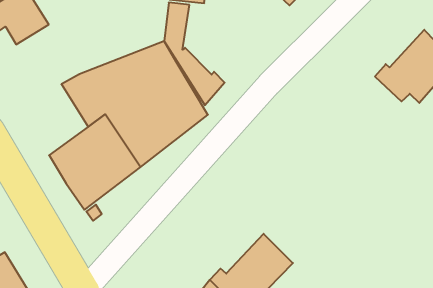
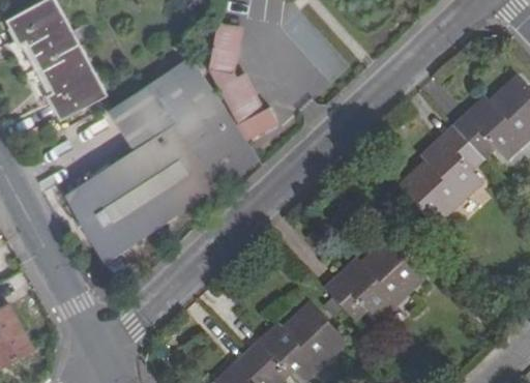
building: none -> [37,43,109,127]
building: none -> [399,128,482,227]
building: none -> [324,237,424,320]

